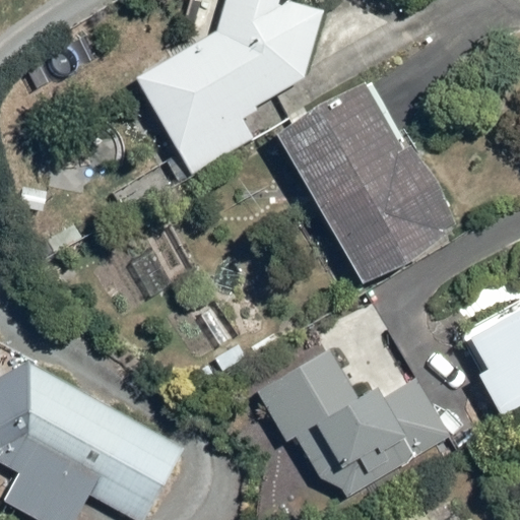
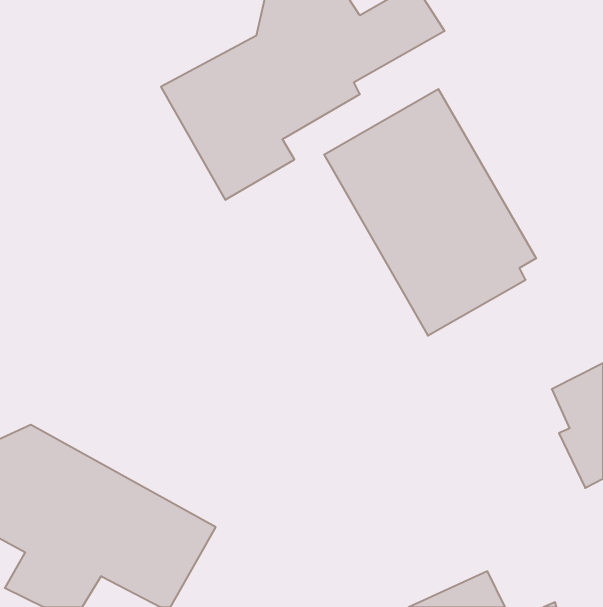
building: [254,347,455,500] -> none

